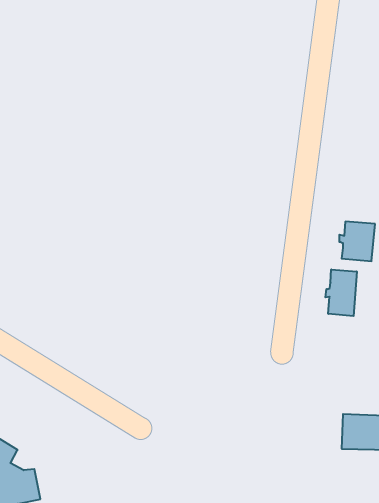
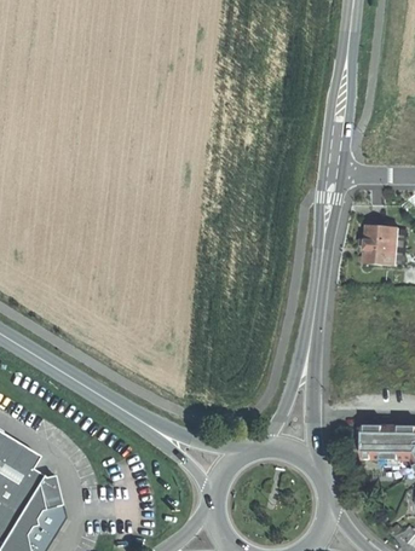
building: [325,269,357,316] -> none

